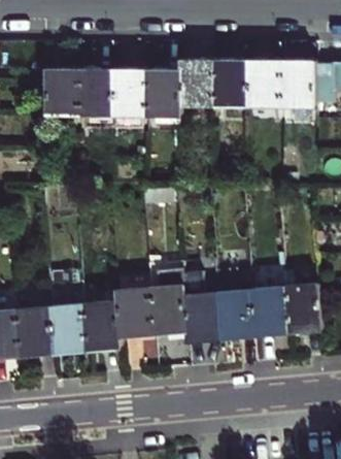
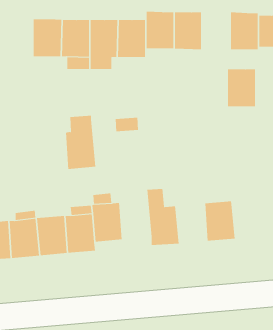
building: [246,61,280,106] -> [227,69,256,107]
building: [148,268,185,333] -> [65,115,96,170]
building: [282,284,320,332] -> none
building: [215,290,252,338] -> none

